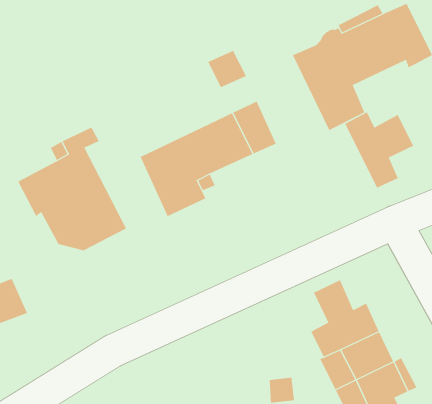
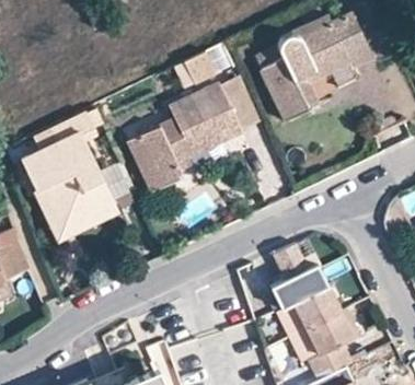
building: [344,112,414,188] -> none
building: none -> [36,190,120,242]

